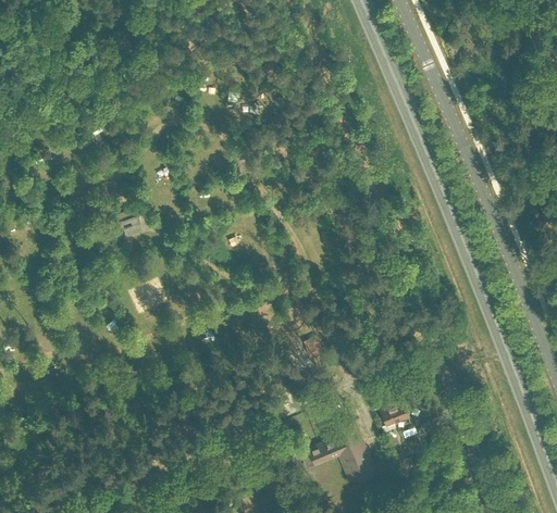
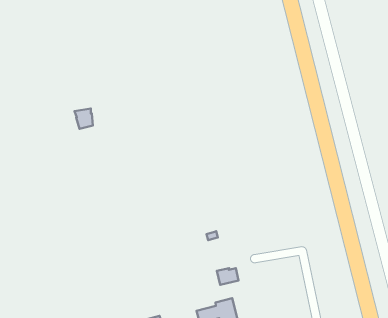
building: [380,406,409,430] -> [217,268,238,285]

